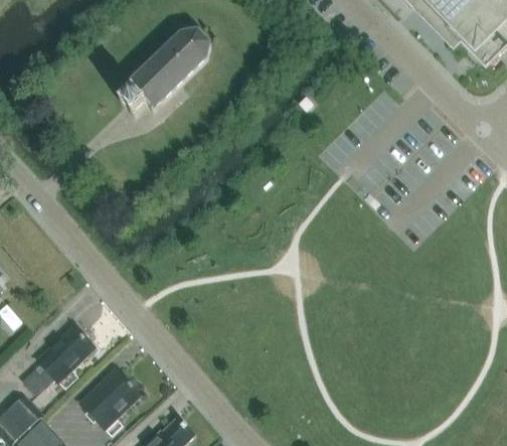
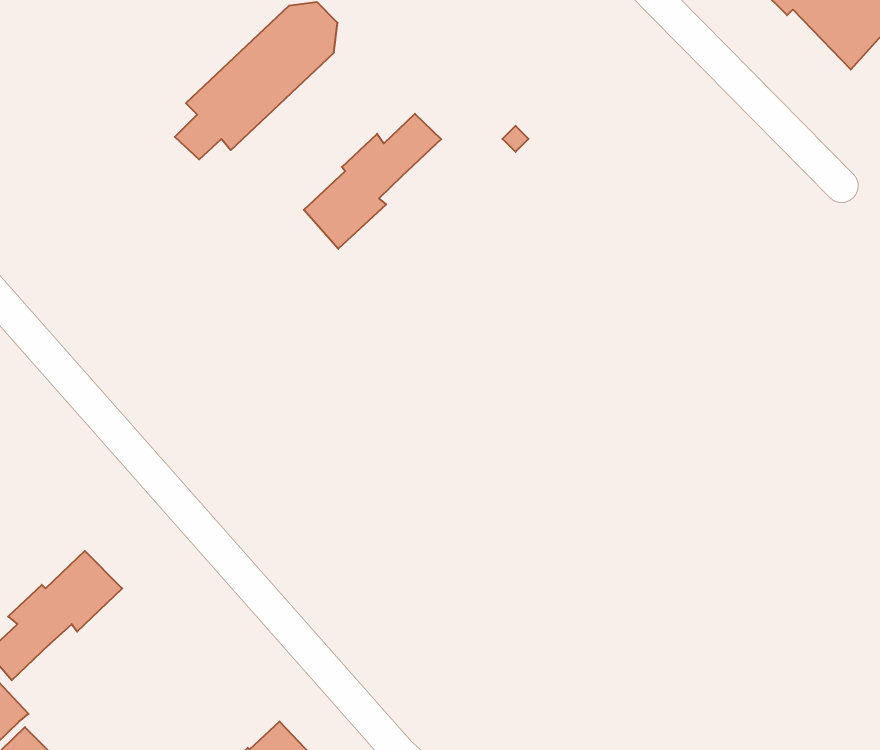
building: none -> [304,114,441,249]
building: [80,375,139,422] -> none

